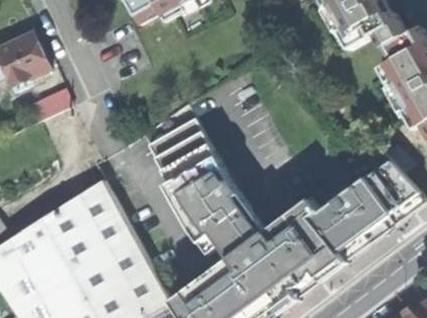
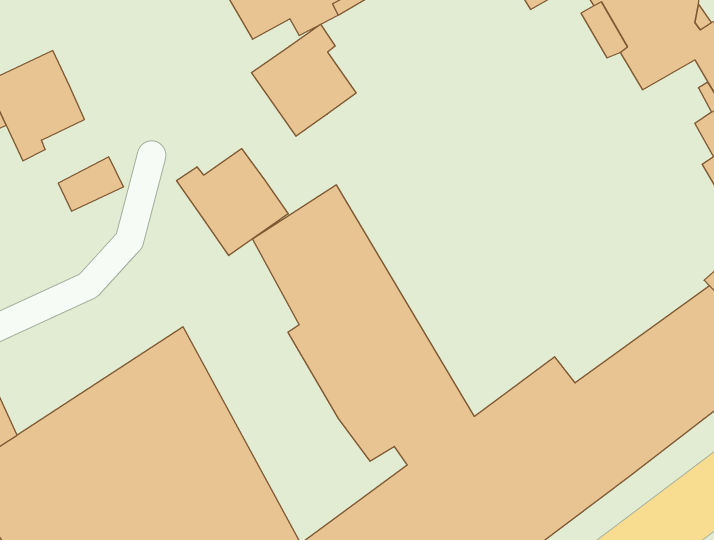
building: none -> [251,24,356,136]
building: none -> [177,149,288,256]

